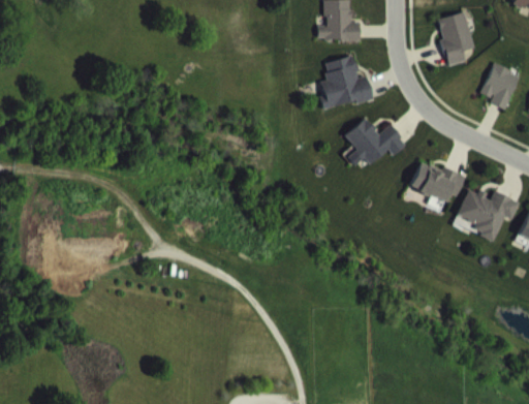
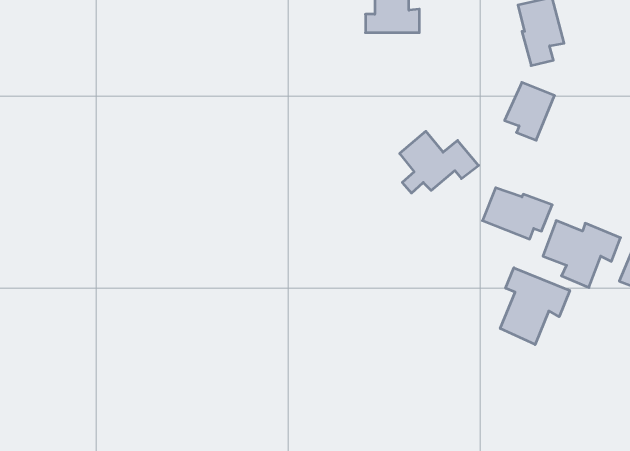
building: [320,56,373,110] -> none
building: [480,64,520,110] -> [505,82,555,140]
building: none -> [500,268,570,345]

